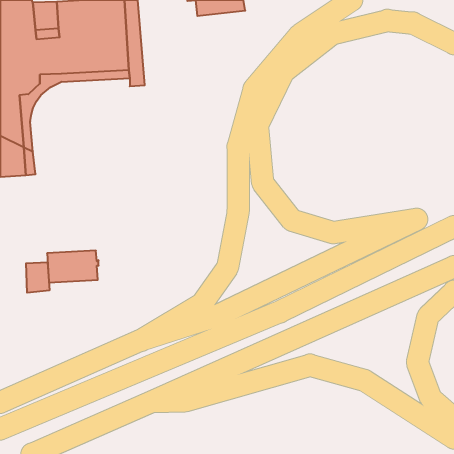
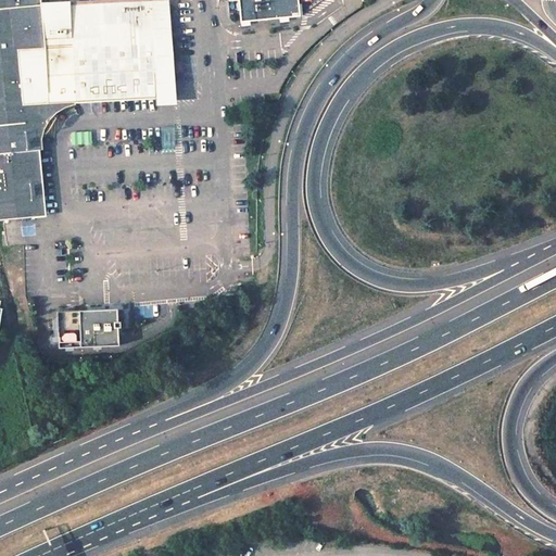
building: [26,262,49,293] -> none

